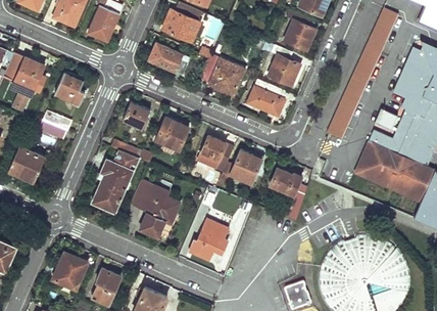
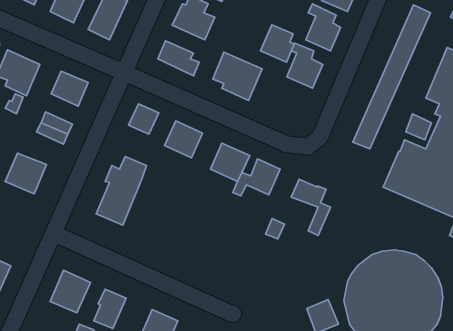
building: [253,82,284,116] -> [261,25,294,62]
building: [131,178,182,234] -> none
building: [191,216,230,258] -> none

